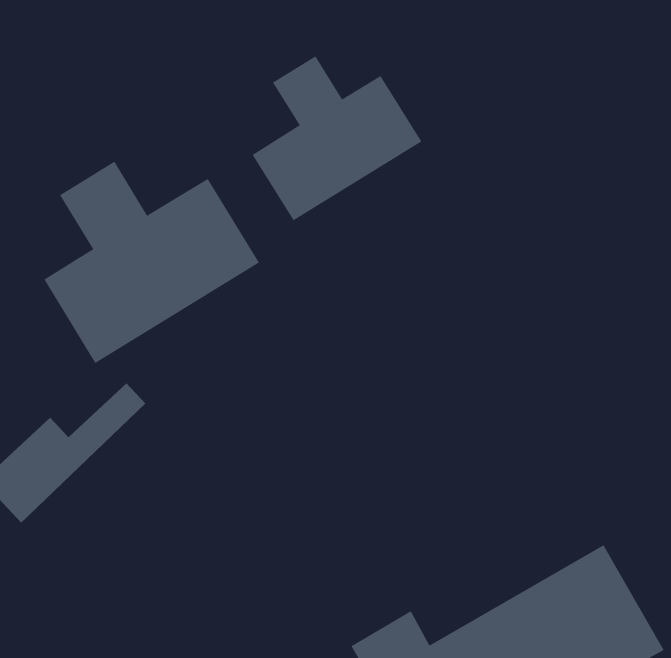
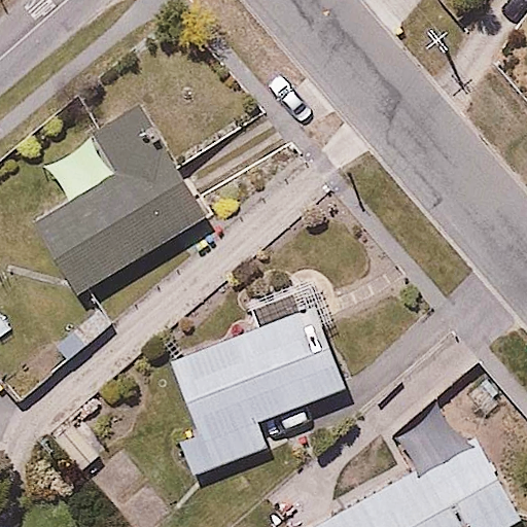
building: [252,56,422,221] -> none
building: none -> [172,291,346,489]

